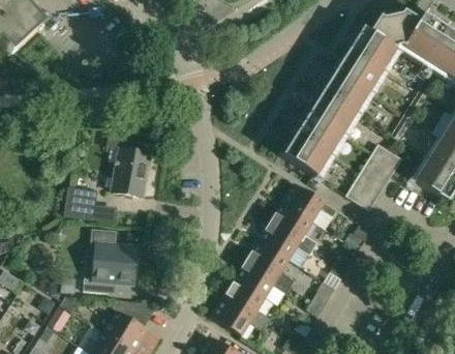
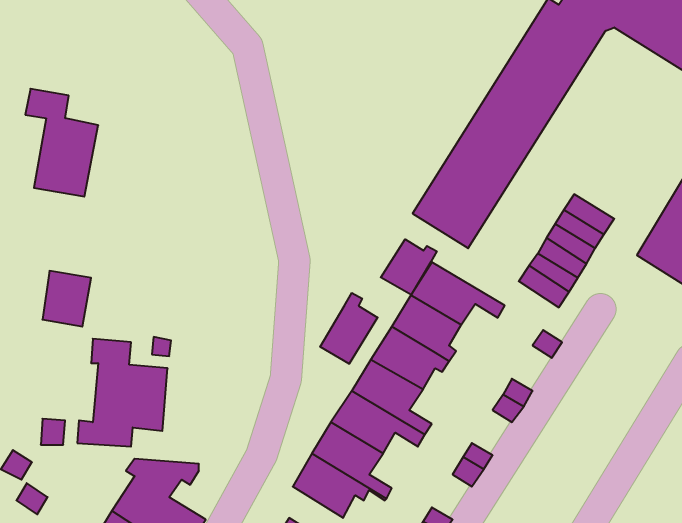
building: [107,132,150,197] -> [25,89,98,197]
building: none -> [381,239,437,295]
building: none -> [320,293,378,364]

